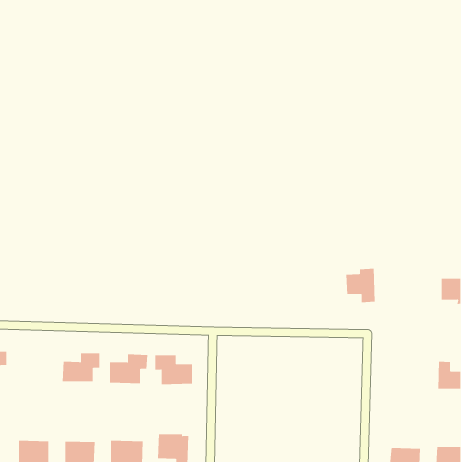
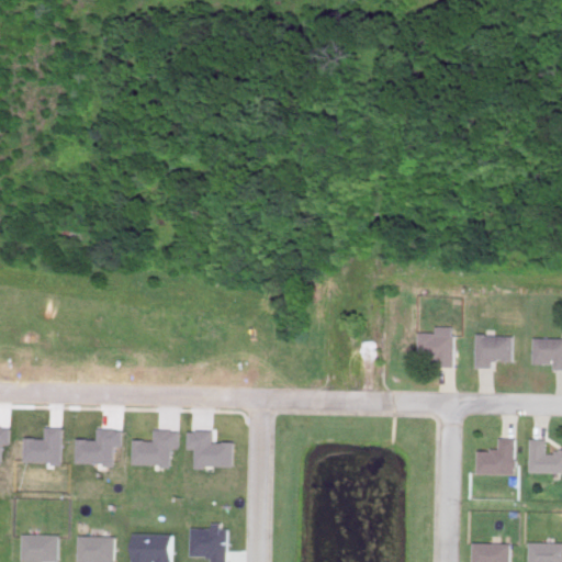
building: none -> [475,336,512,369]
building: none -> [23,428,61,463]
building: none -> [475,438,514,474]

